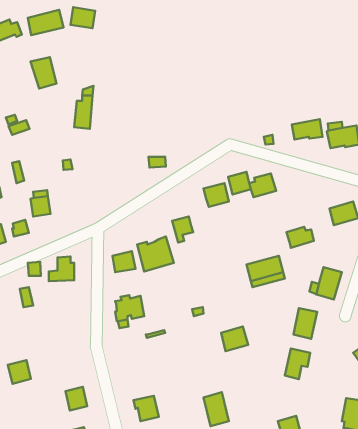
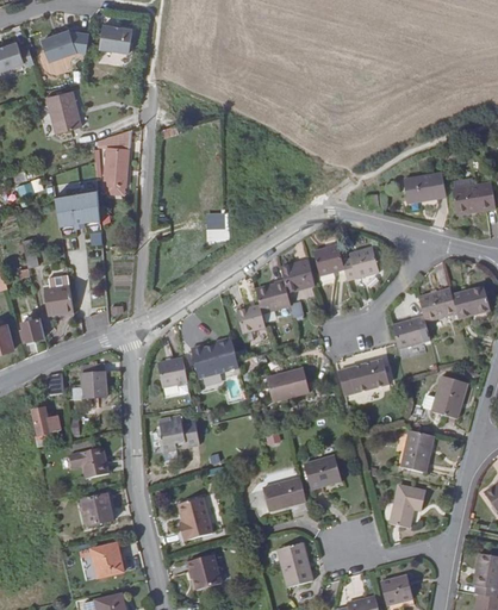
building: none -> [54,188,100,225]
building: none -> [256,282,291,319]
building: none -> [418,288,456,322]
building: none -> [267,368,309,403]
building: none -> [67,443,106,475]
building: none -> [263,479,306,512]
building: none -> [178,493,212,536]
building: [8,360,31,384] -> [81,490,112,522]

